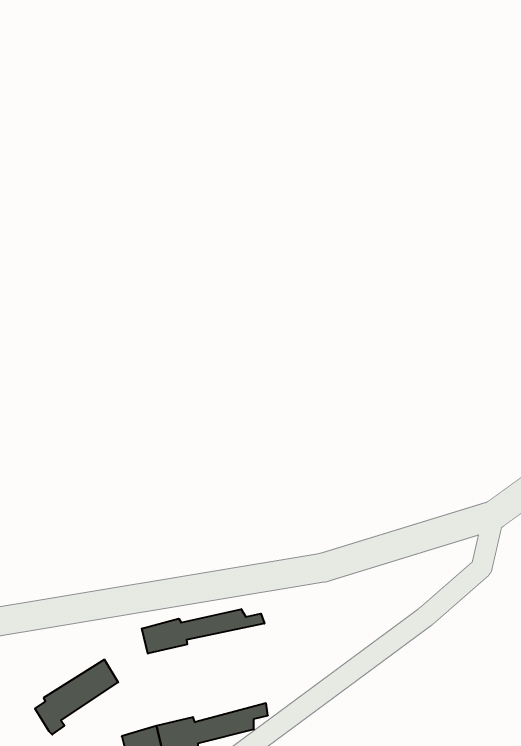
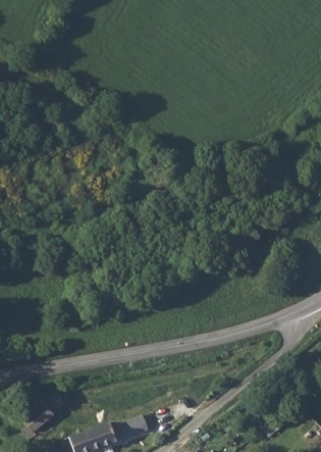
building: [142,609,264,654] -> none

